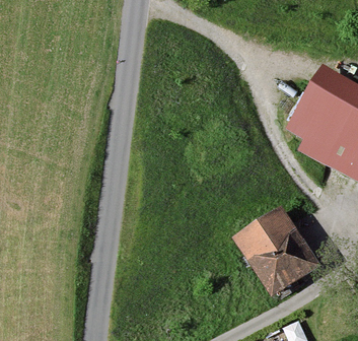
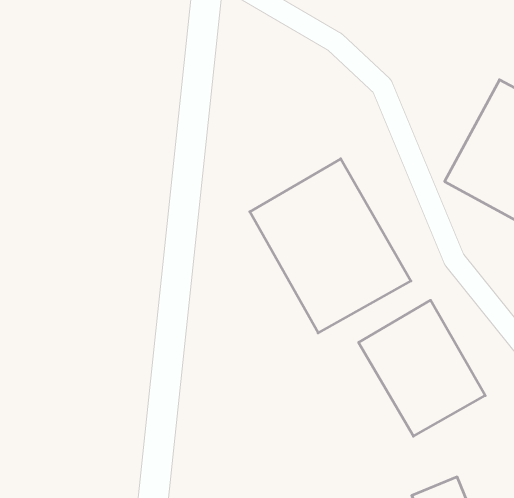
building: none -> [250,159,411,333]

